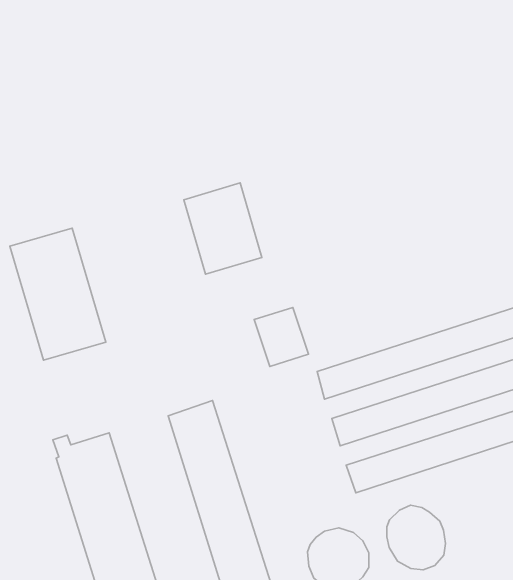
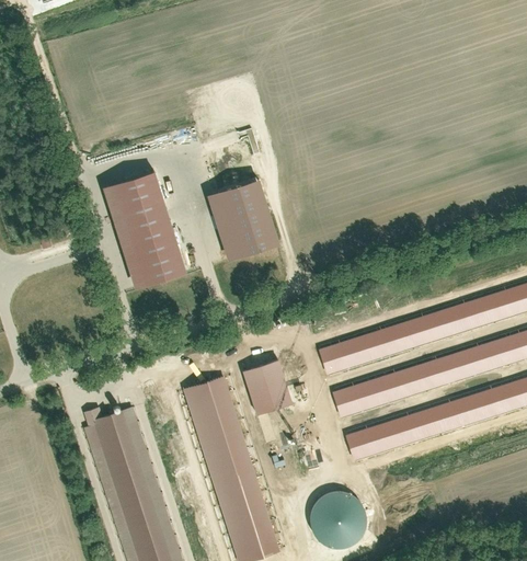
building: [10,228,106,360] -> [98,169,185,289]
building: [254,307,308,366] -> [245,360,295,414]
building: [387,505,445,570] -> none

